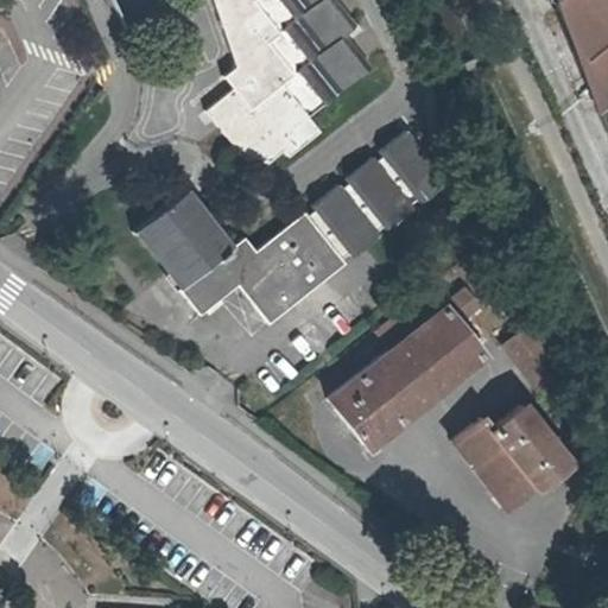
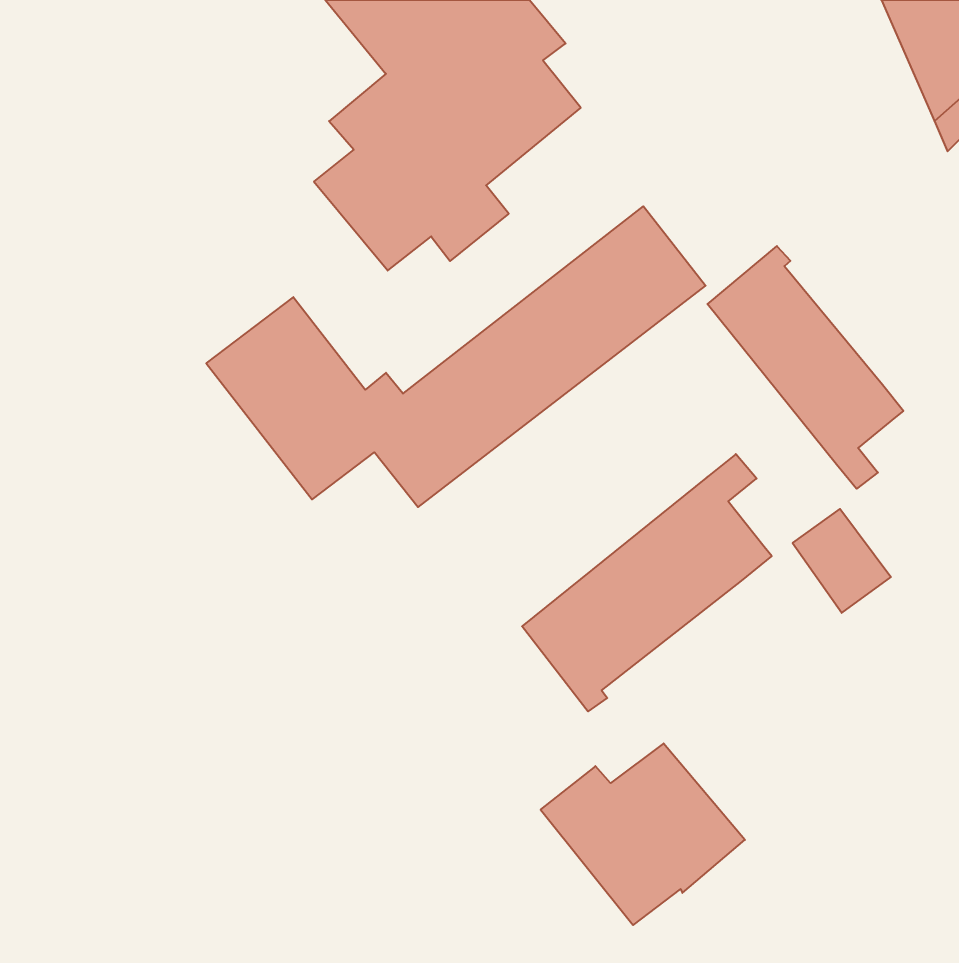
building: none -> [707,246,903,489]
building: [449,398,577,512] -> [541,743,745,925]

